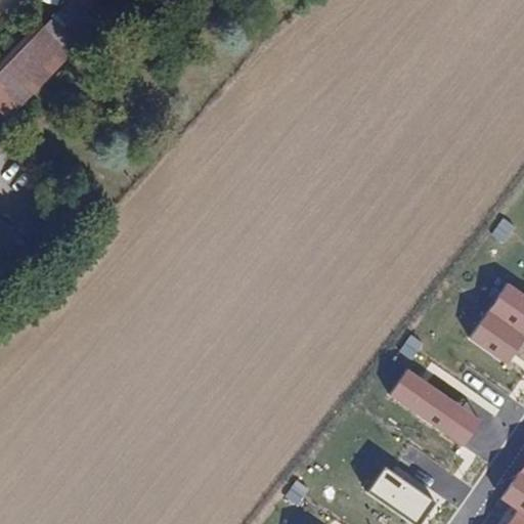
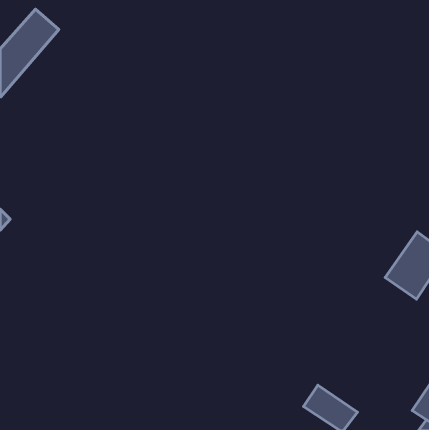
building: [392,370,482,447] -> none

